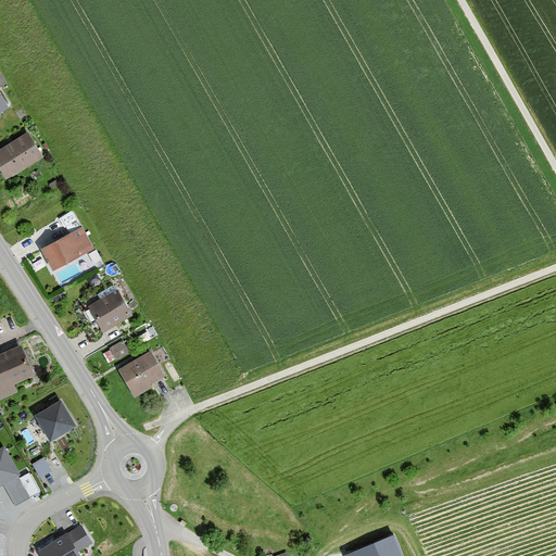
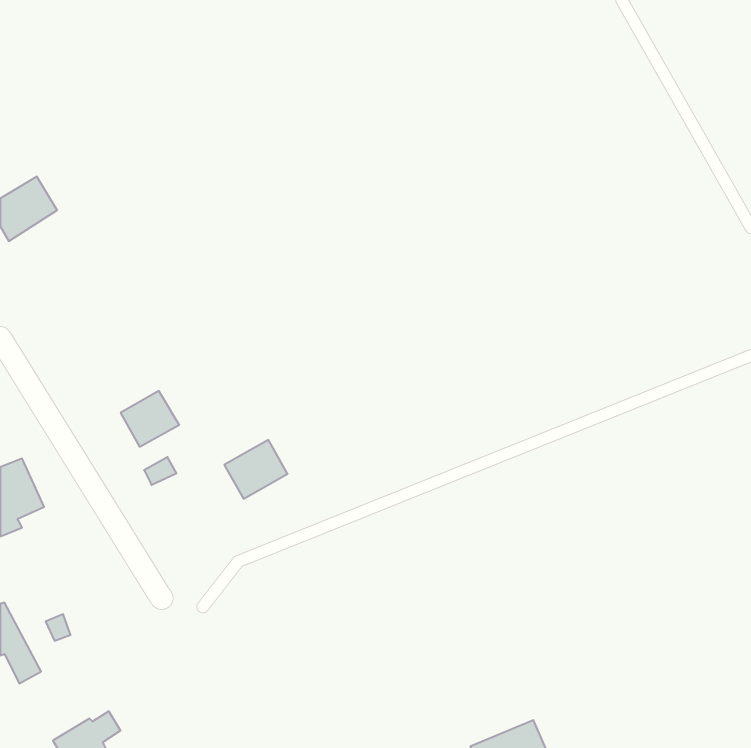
building: [41,227,93,270] -> none
building: [118,351,165,394] -> [224,440,288,499]
building: [36,400,75,439] -> none

